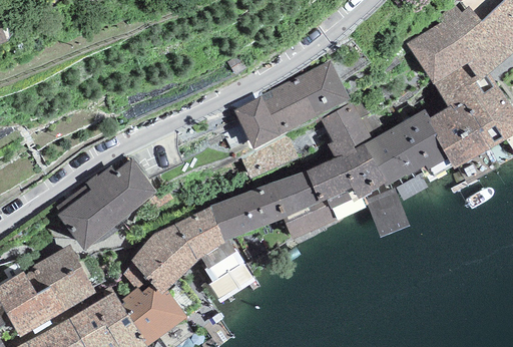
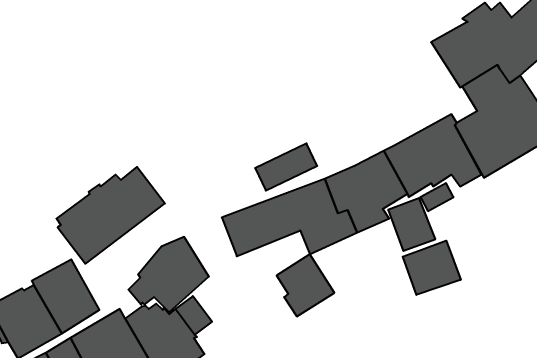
building: [233,60,351,148] -> none
building: [321,96,382,157] -> none
building: [175,206,224,261] -> none
building: none -> [403,241,461,295]
building: [201,244,255,302] -> [277,254,334,316]

